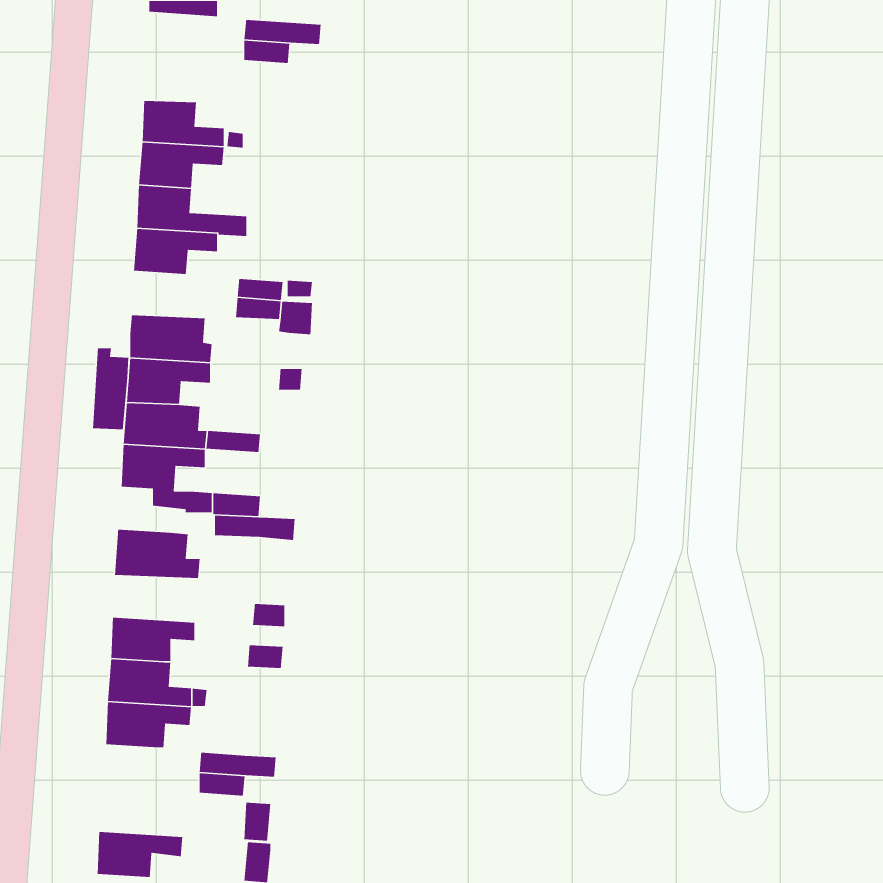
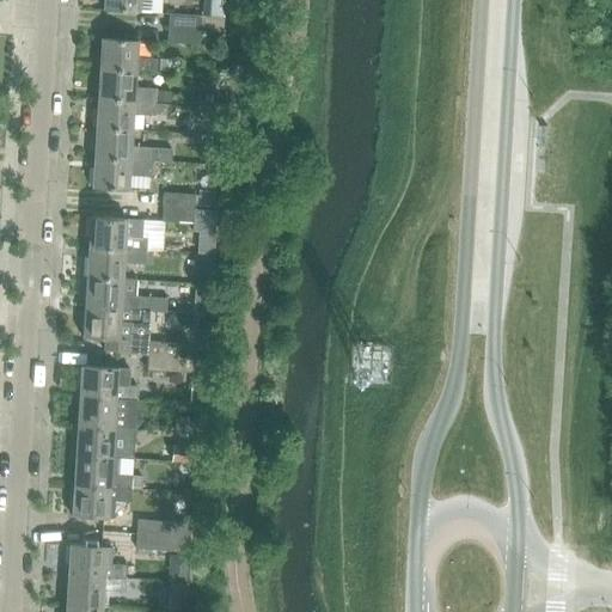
building: none -> [99,38,158,73]
building: [92,347,129,430] -> none
building: none -> [78,398,137,430]
building: none -> [68,544,127,579]

